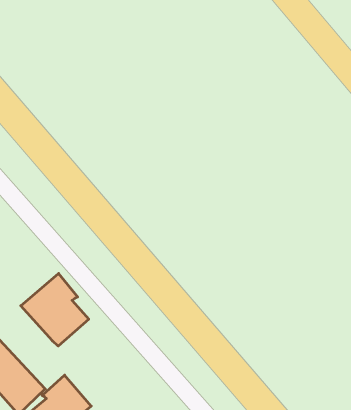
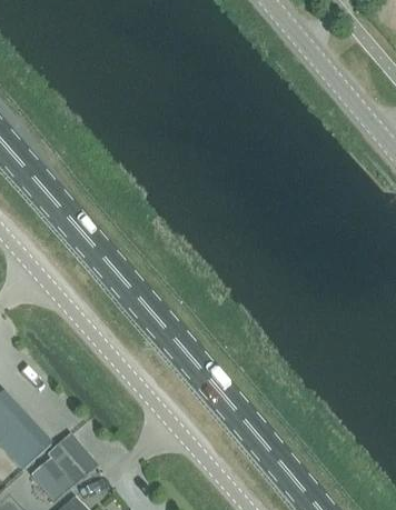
building: [21,273,89,346] -> none

